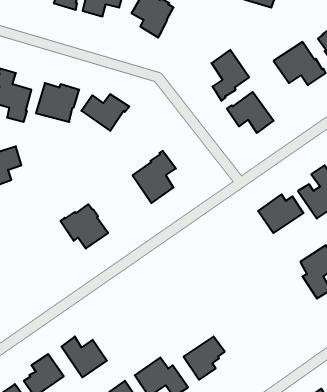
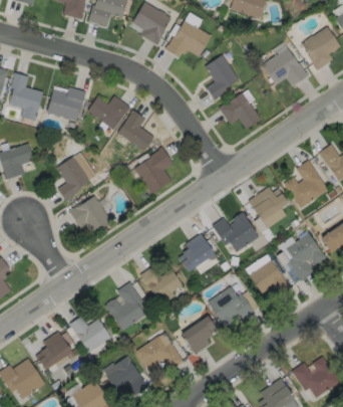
building: none -> [165,21,212,57]
building: none -> [117,109,154,151]
building: none -> [57,155,91,201]
building: none -> [212,212,259,252]
building: none -> [179,233,215,272]
building: none -> [249,258,291,295]
building: none -> [140,266,183,306]
building: none -> [105,280,145,330]
building: none -> [208,285,255,327]

